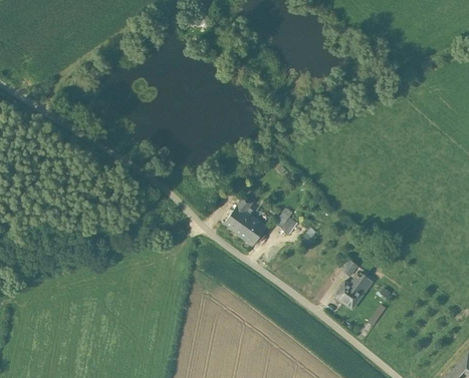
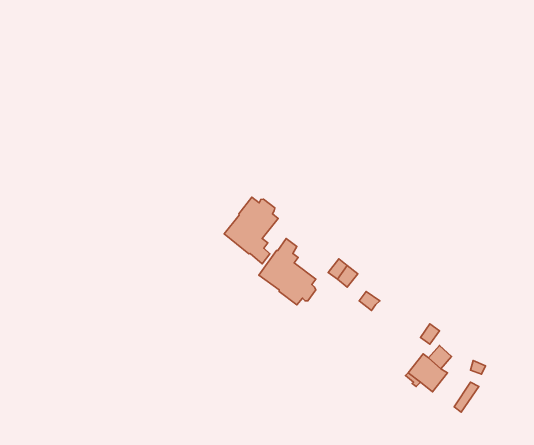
building: none -> [224,197,278,264]

